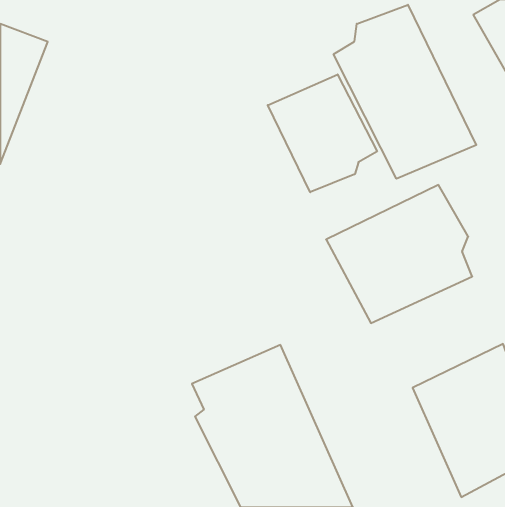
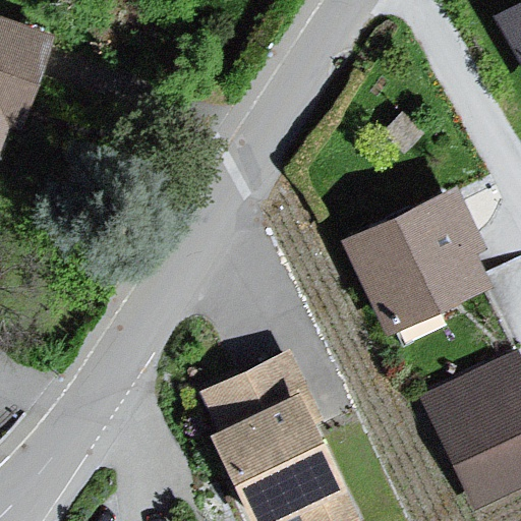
building: [334,5,476,179] -> none
building: [268,74,377,192] -> none

